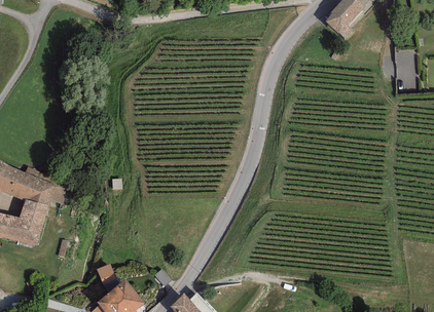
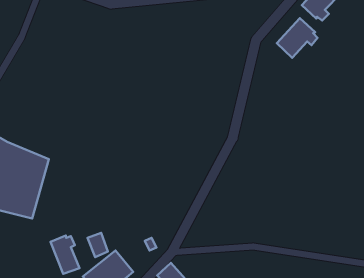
building: none -> [277,18,318,58]
building: none -> [50,236,79,274]

